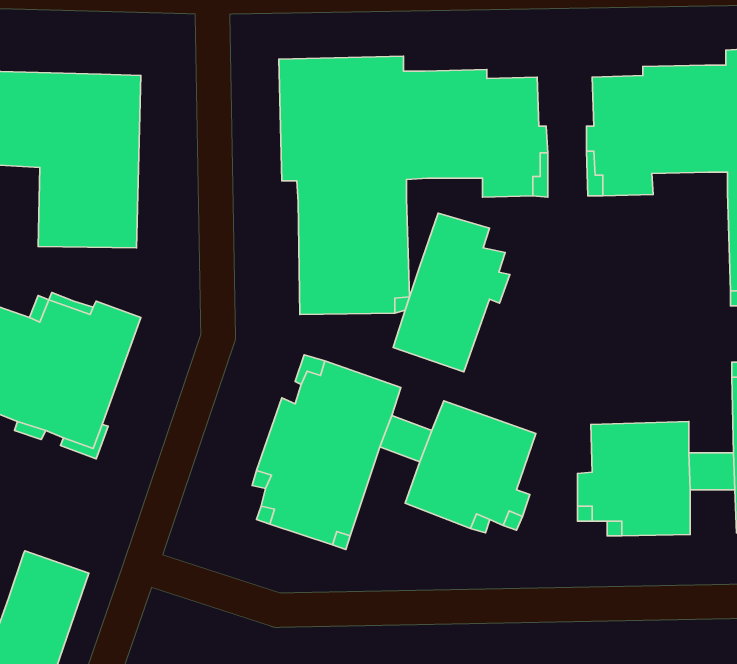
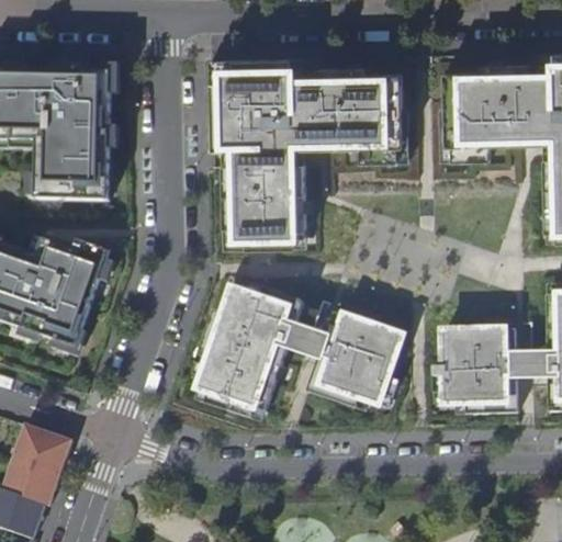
building: [393,213,510,372] -> none

